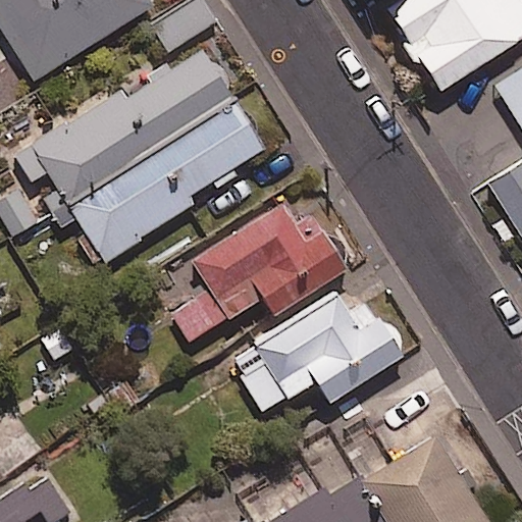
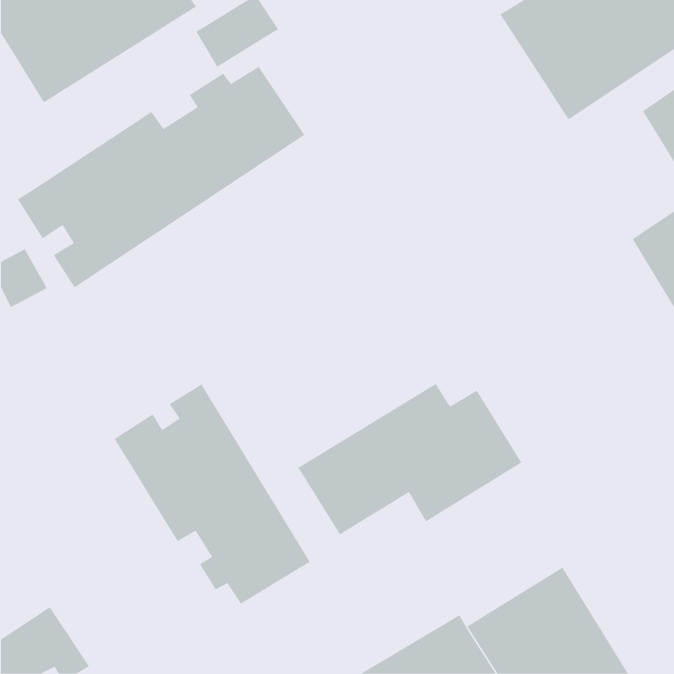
building: [58,104,265,262] -> none
building: [171,207,346,344] -> none
building: none -> [114,383,311,604]

